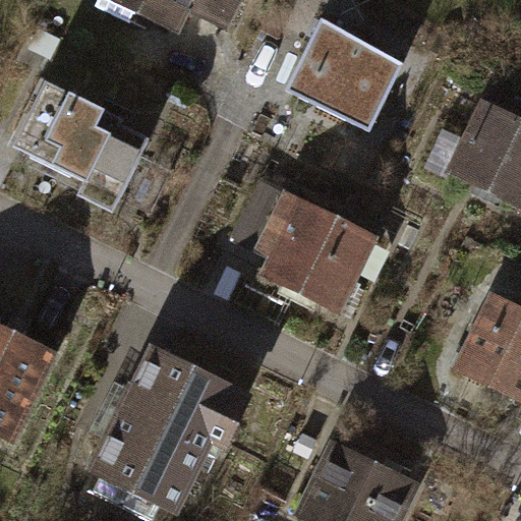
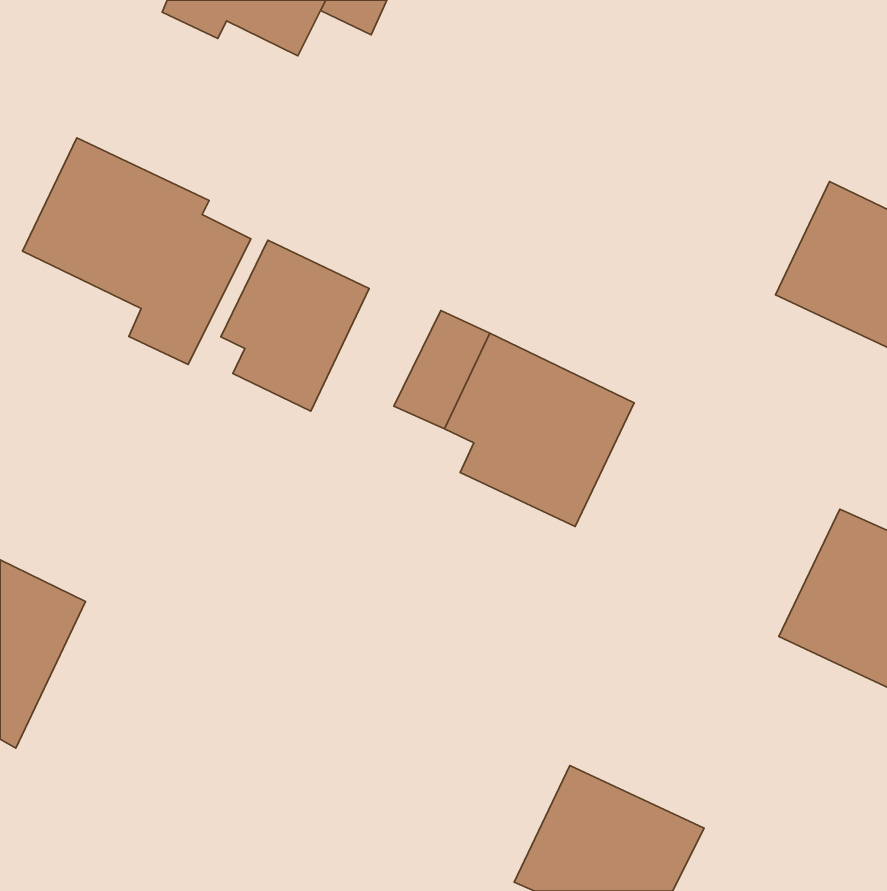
building: [288,19,398,124] -> none
building: none -> [221,240,369,411]
building: [91,353,245,509] -> none

